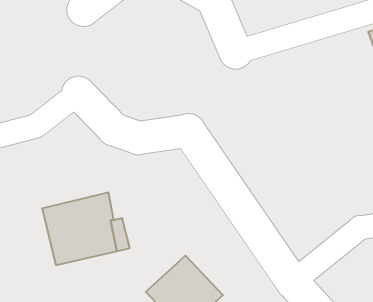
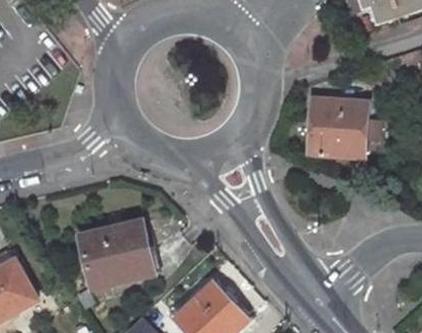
building: none -> [312,102,366,162]

